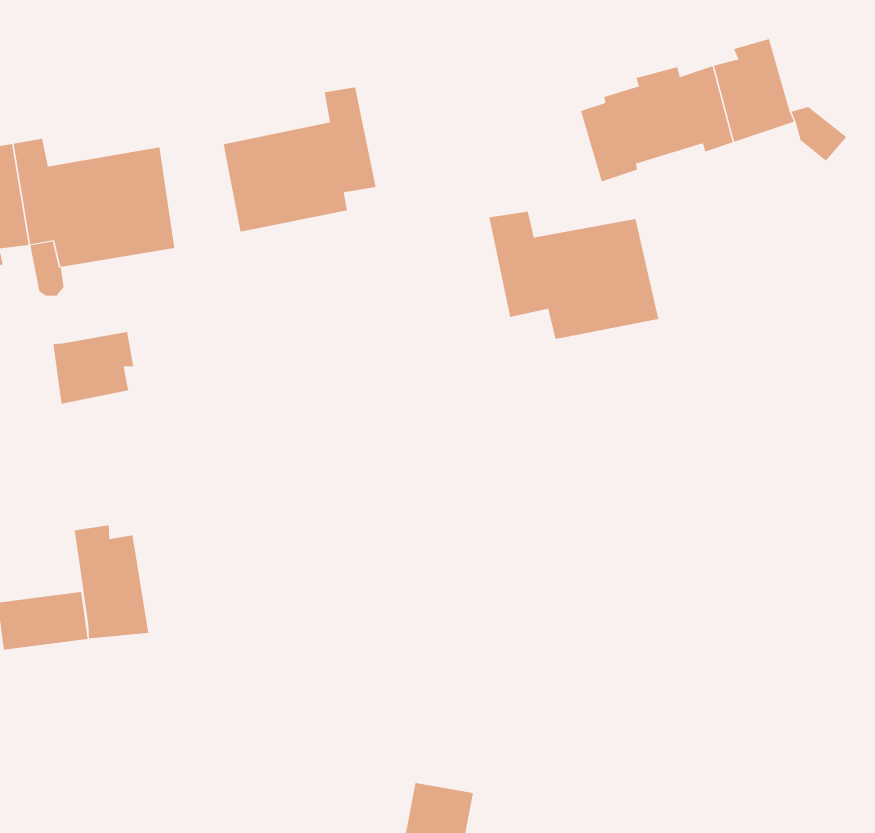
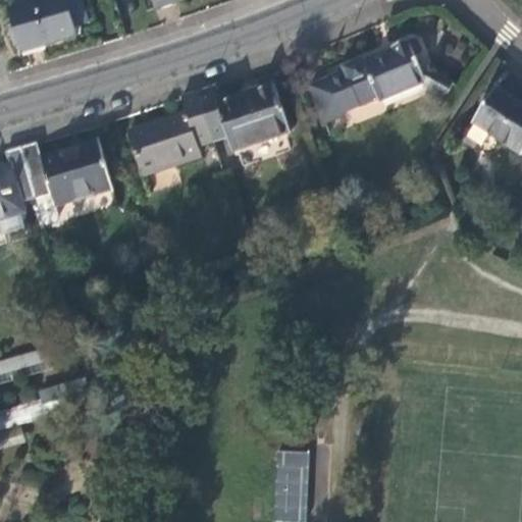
building: [489,211,659,339] -> [193,83,290,152]
building: [53,331,134,405] -> none
building: [74,524,149,639] -> none

